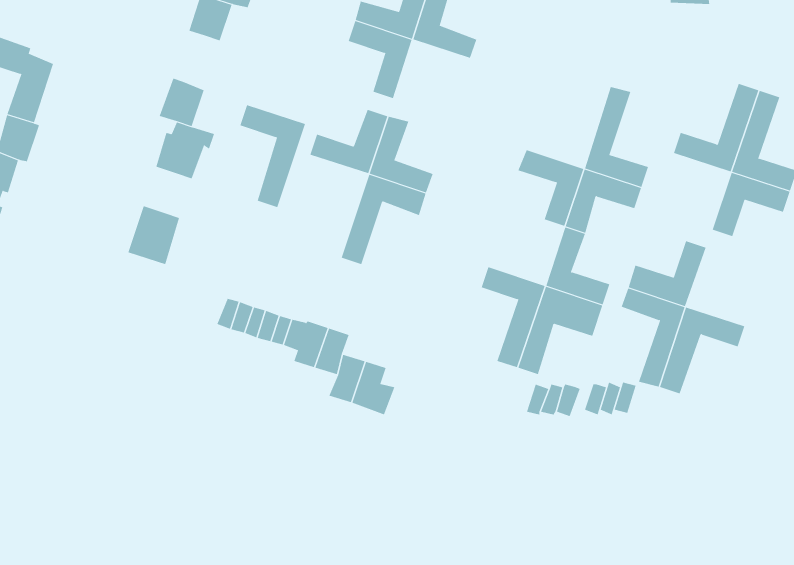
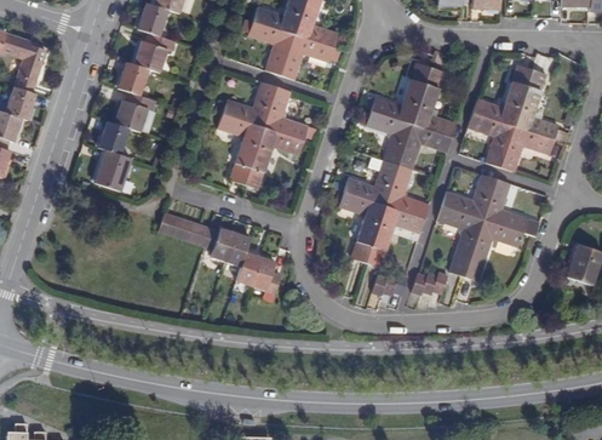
building: none -> [134,32,176,72]
building: none -> [280,34,340,80]
building: none -> [372,62,430,124]
building: [239,105,306,208] -> [217,114,263,185]
building: none -> [469,113,514,166]
building: none -> [98,120,130,154]
building: none -> [345,155,399,205]
building: none -> [482,178,539,236]

